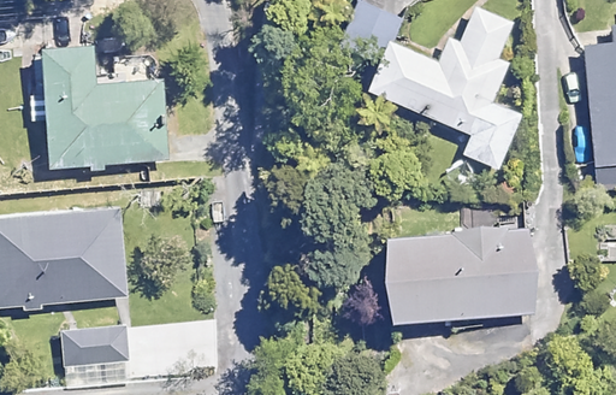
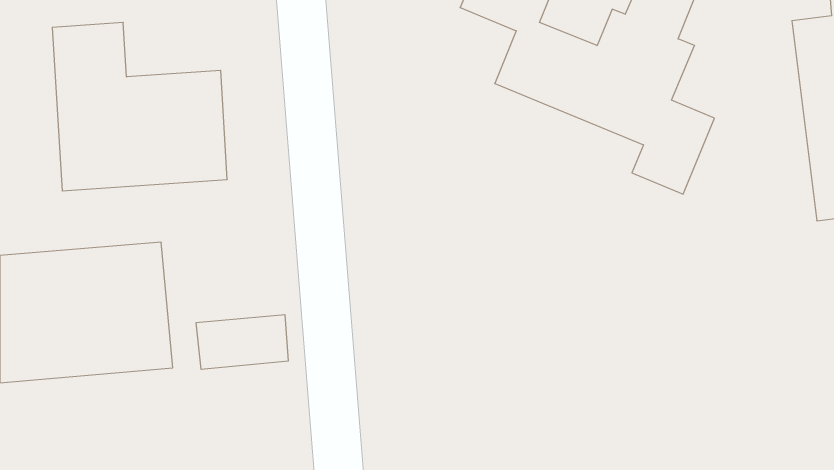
building: [375,230,534,320] -> none
building: [64,326,131,366] -> [196,315,288,369]

